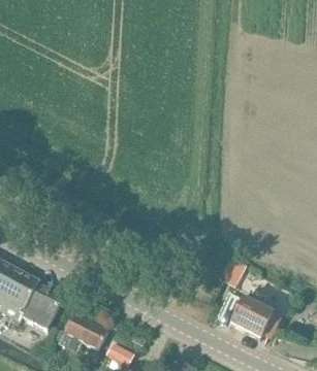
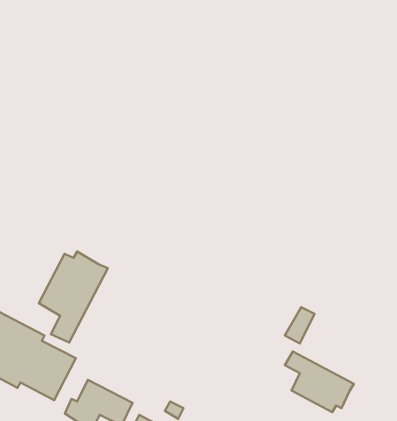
building: none -> [39,252,108,343]

